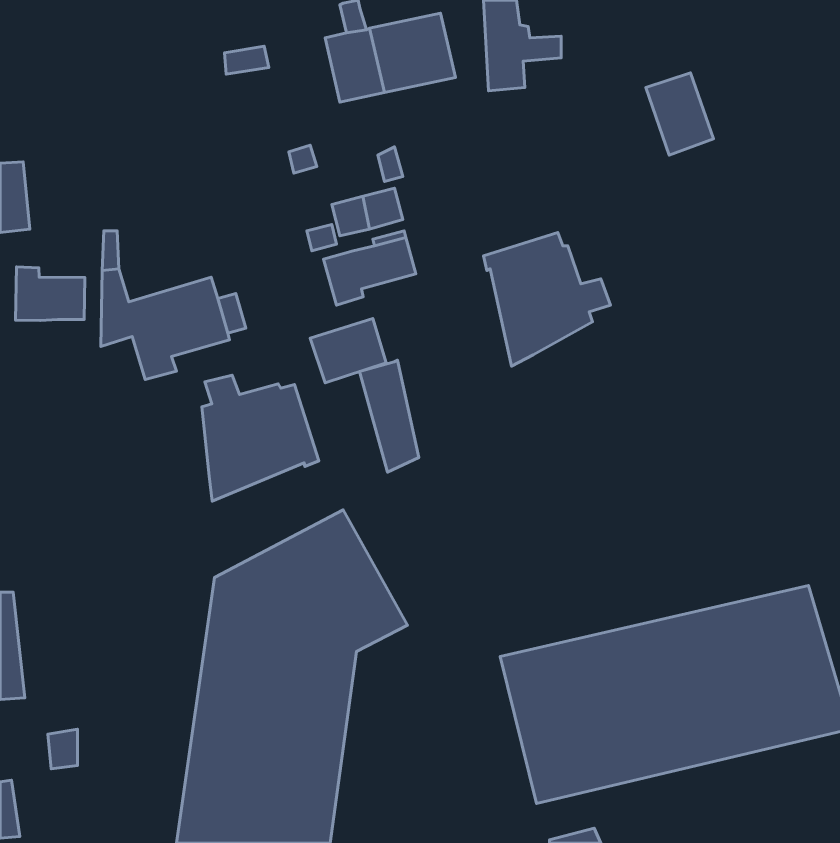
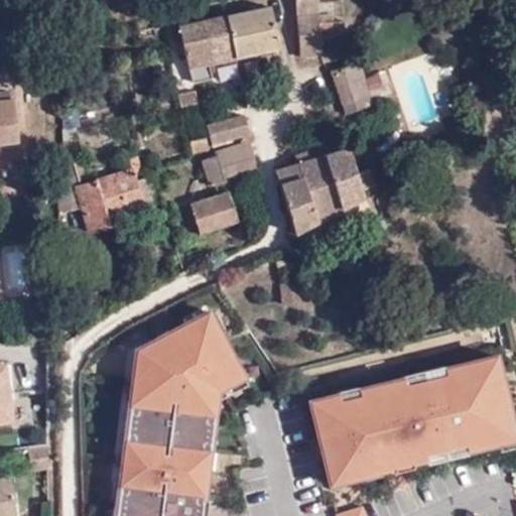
building: none -> [180,23,210,83]
building: [646,73,714,155] -> [331,62,372,113]
building: [15,267,85,320] -> none
building: [359,360,419,472] -> [278,164,314,233]
building: [202,375,319,501] -> none

